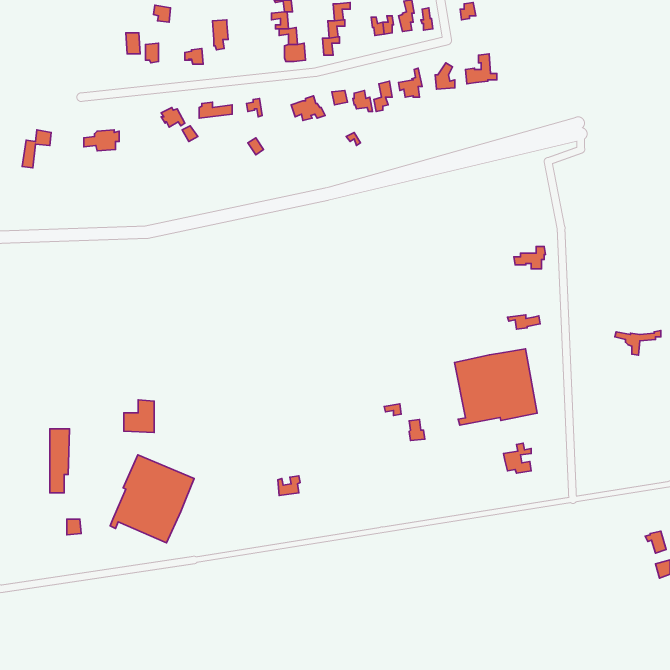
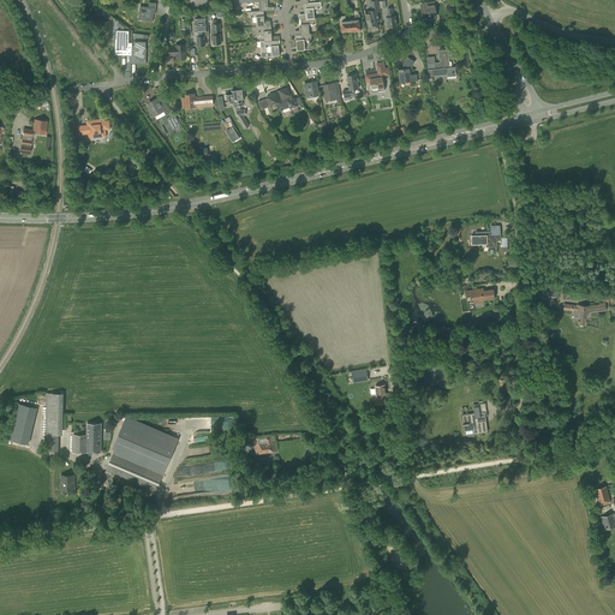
building: [455,349,537,425] -> none
building: [124,400,154,433] -> [73,423,101,453]
building: none -> [10,402,37,443]

